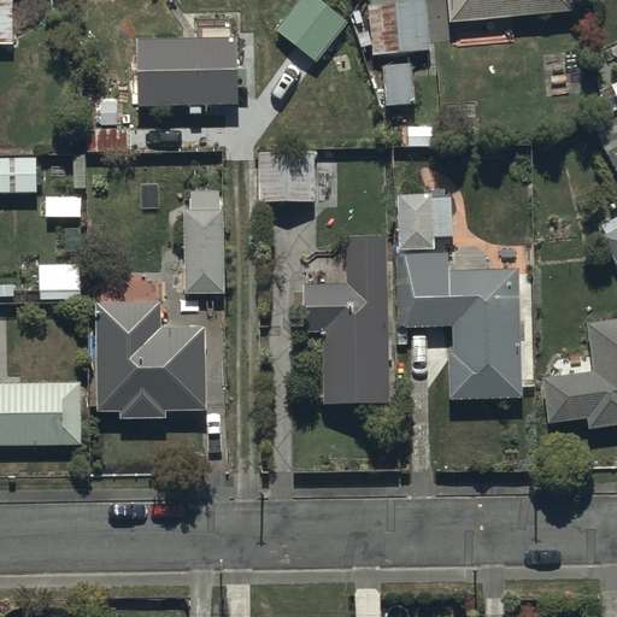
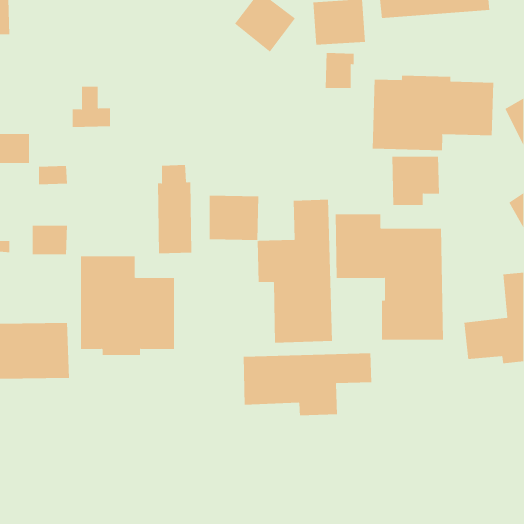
building: [139,43,239,111] -> none
building: none -> [372,75,494,151]
building: [257,148,316,201] -> [209,195,259,240]
building: [396,192,453,249] -> [392,156,440,205]
building: none -> [243,353,372,416]

